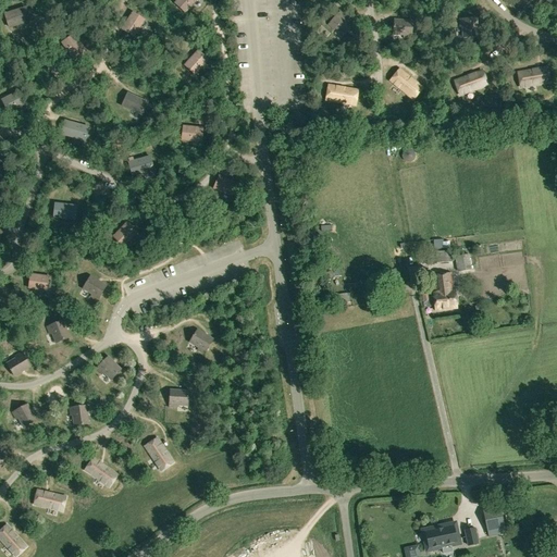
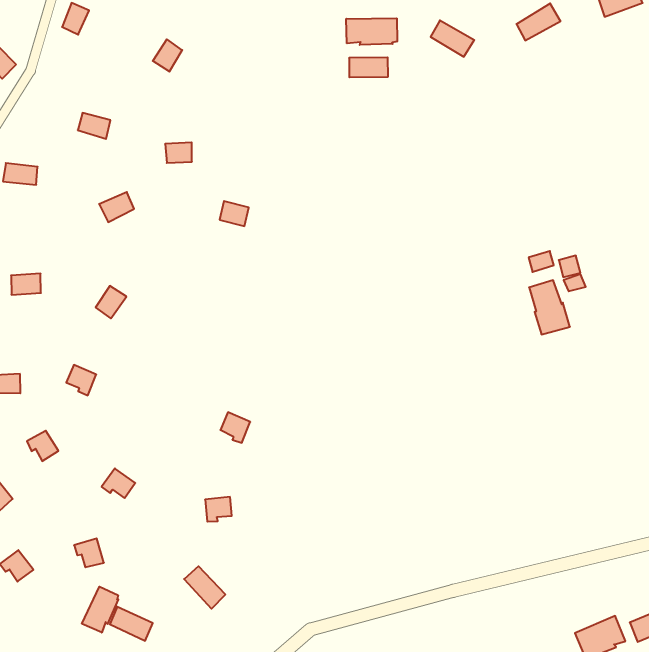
building: none -> [346,18,397,45]
building: none -> [82,587,118,633]

